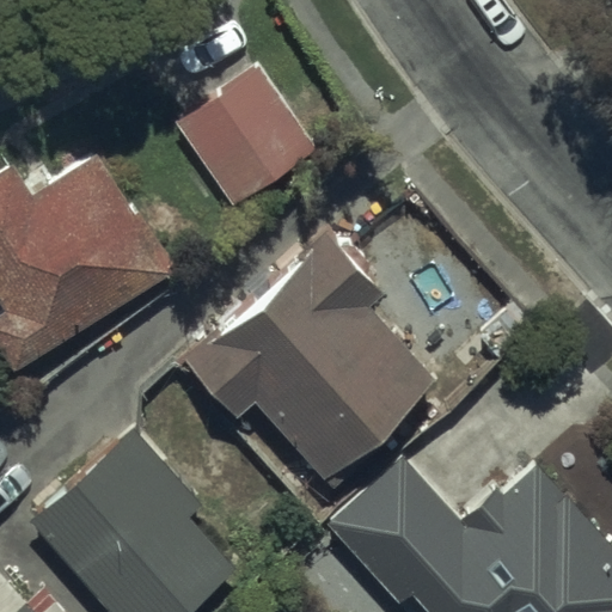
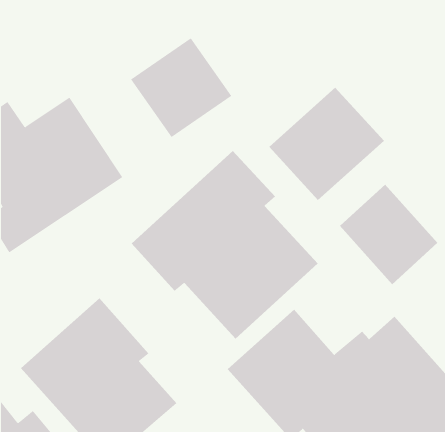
building: none -> [268,87,385,201]
building: none -> [339,184,438,285]

